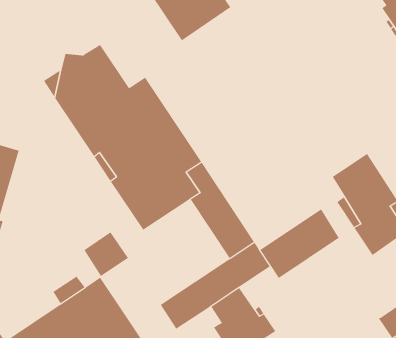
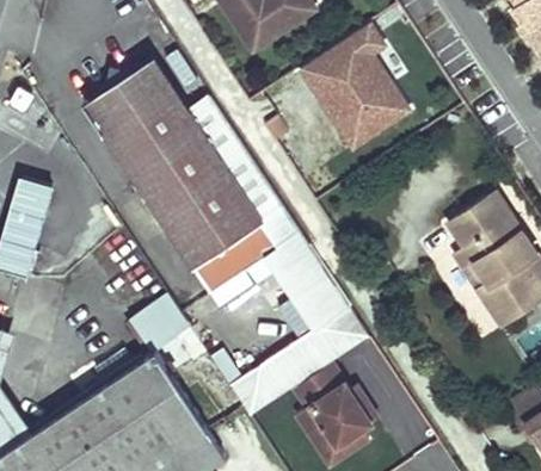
building: none -> [295,20,413,154]
building: [260,209,339,279] -> none

